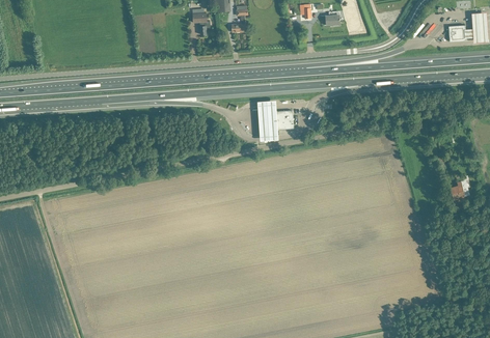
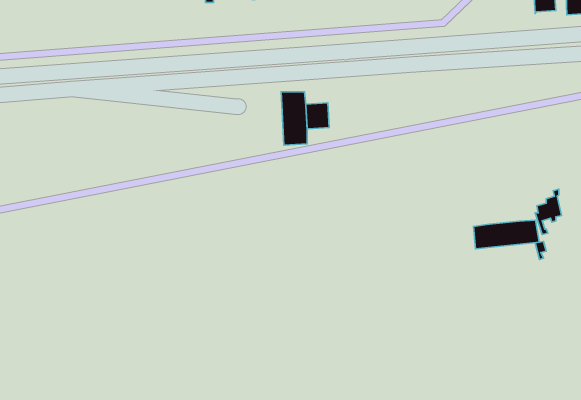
building: none -> [473,220,539,249]

